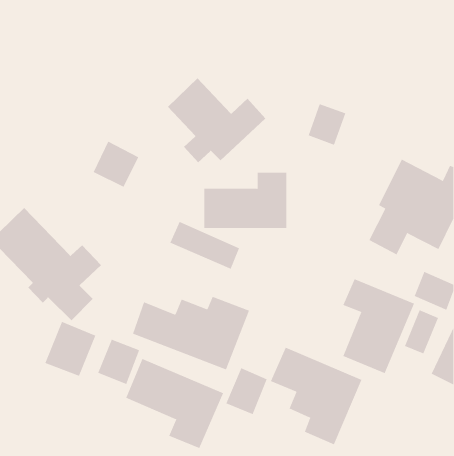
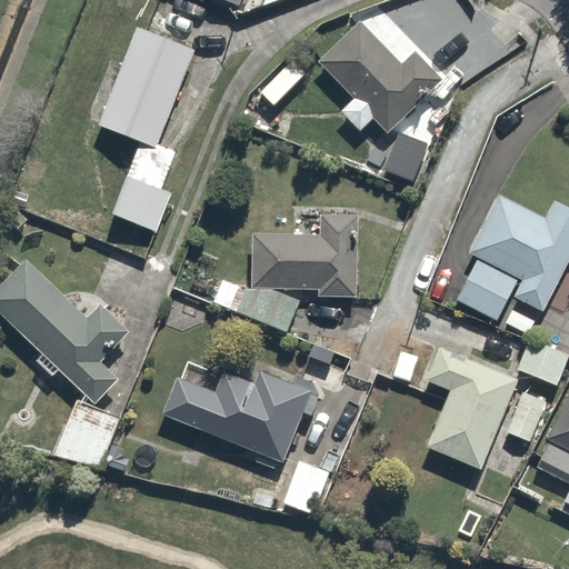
building: none -> [91,28,200,158]
building: [167,77,266,163] -> [319,24,442,131]
building: [98,339,140,385] -> none
building: [270,347,362,445] -> none
building: [125,358,224,449] -> none

